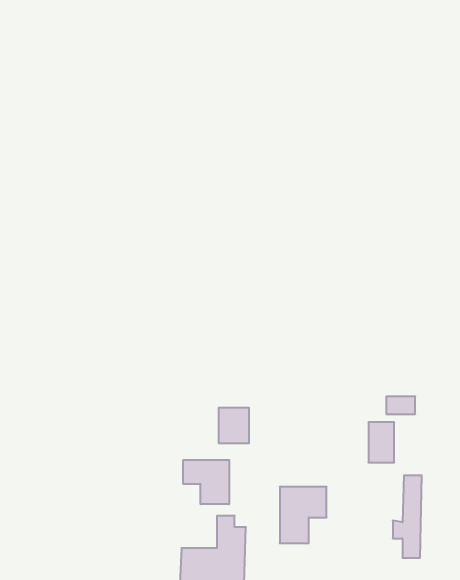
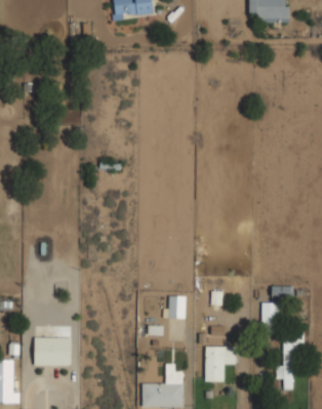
building: [183,460,229,504] -> none
building: none -> [34,337,70,365]

